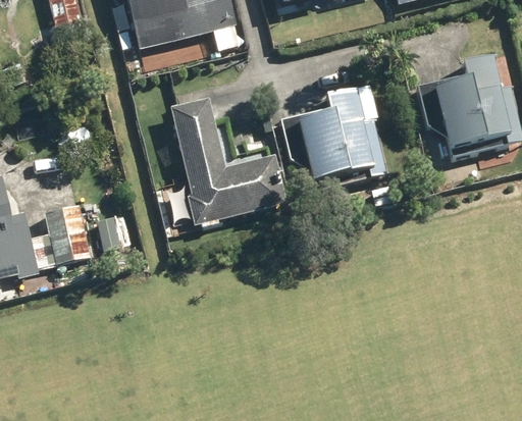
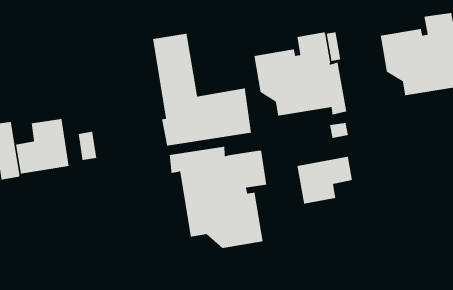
building: none -> [297,156,353,204]
building: none -> [169,146,267,249]

